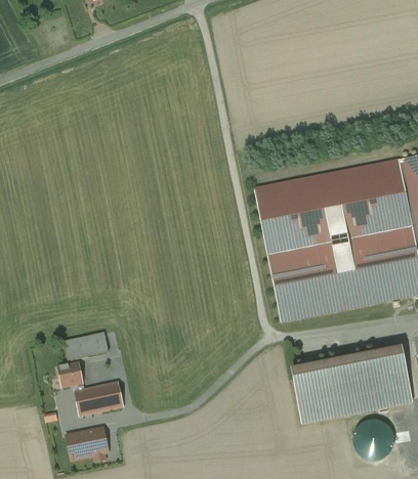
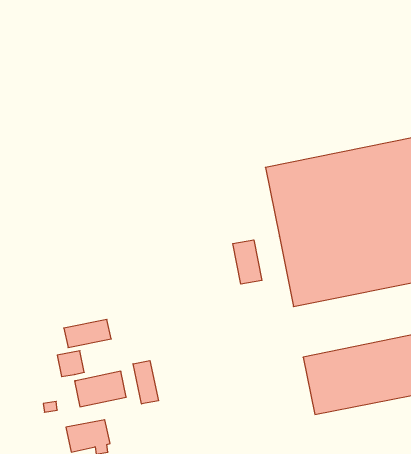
building: none -> [233,240,262,284]
building: none -> [133,361,158,404]

